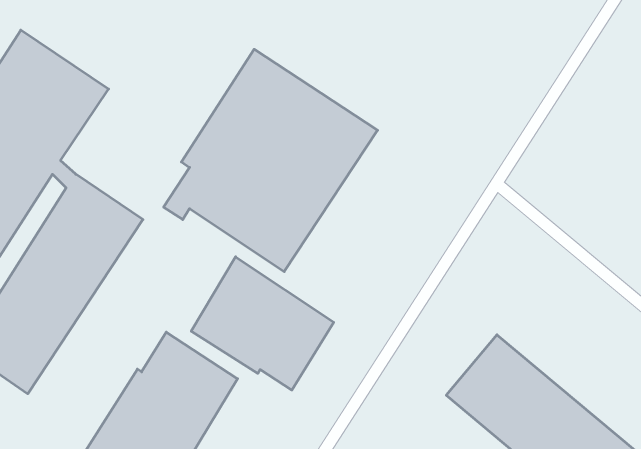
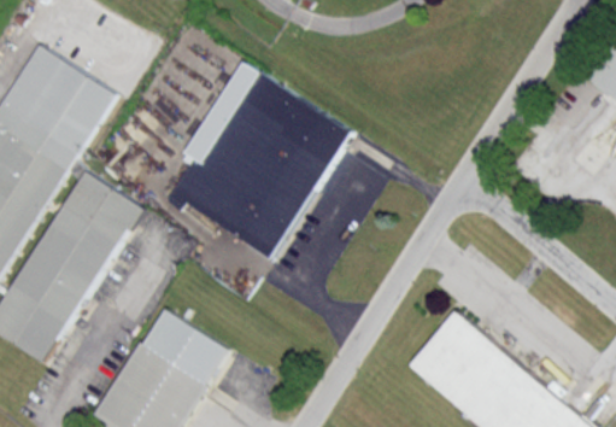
building: [191,257,334,390] -> none

